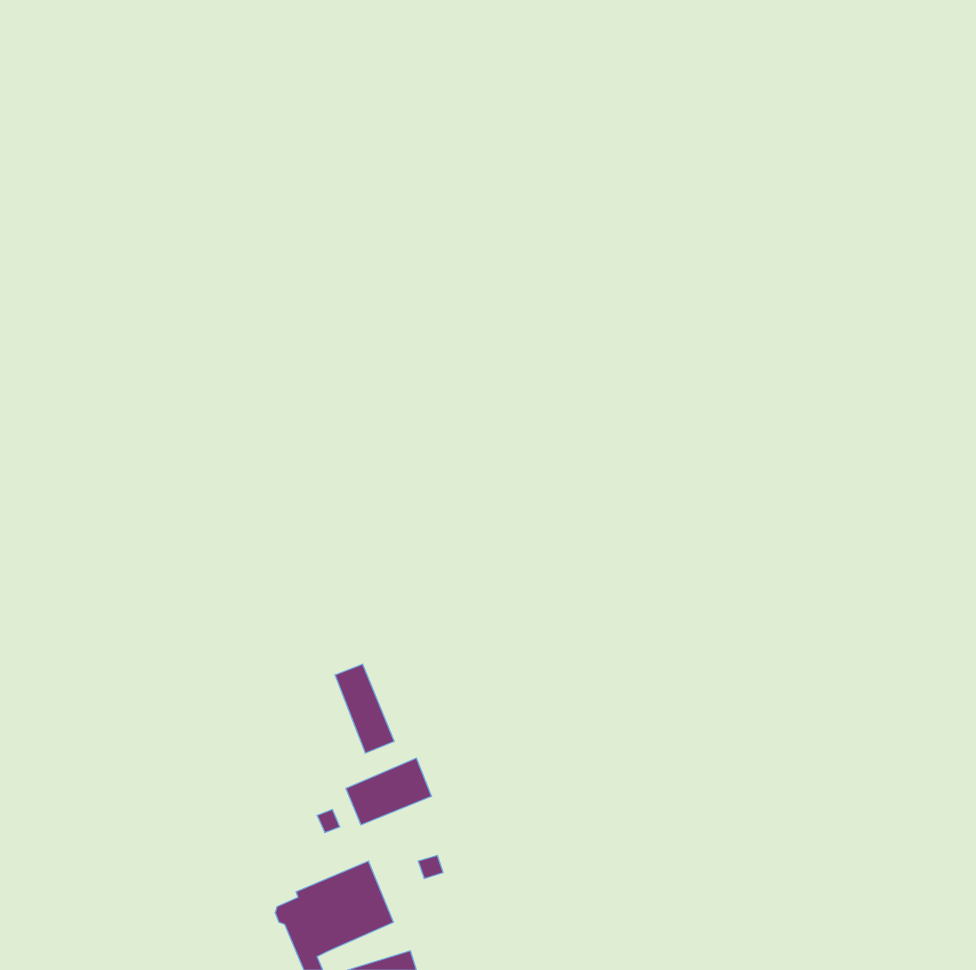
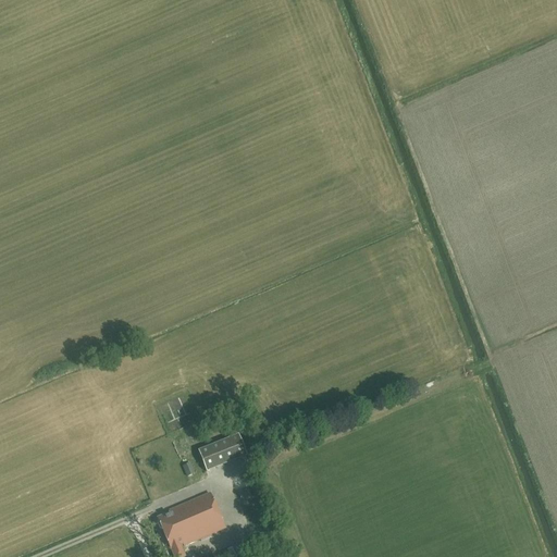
building: [335,664,394,753] -> none

